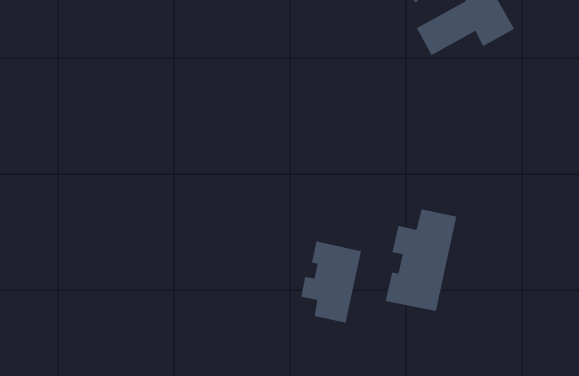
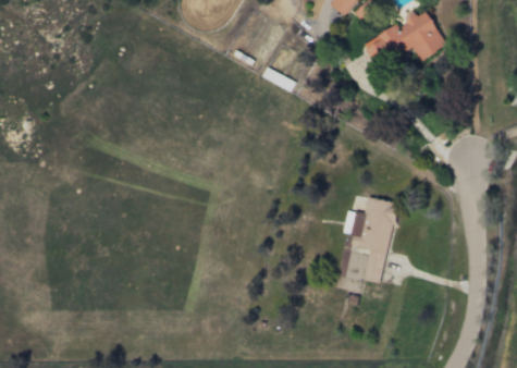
building: [300,240,362,324] -> none

